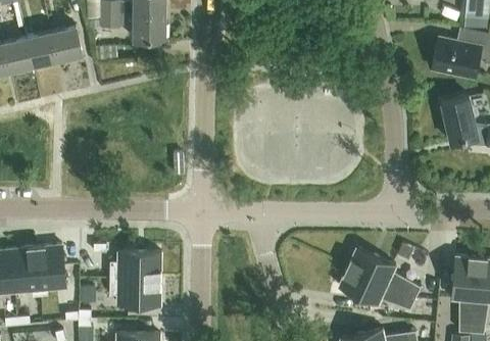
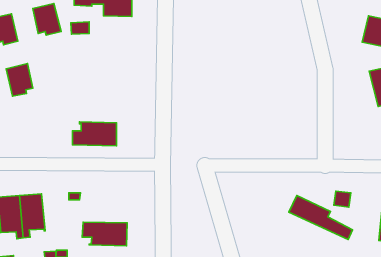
building: [27,31,57,68] -> [6,63,33,96]
building: [109,251,160,279] -> [72,122,117,146]
building: [338,266,415,309] -> none

